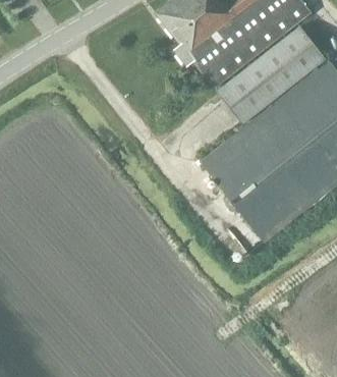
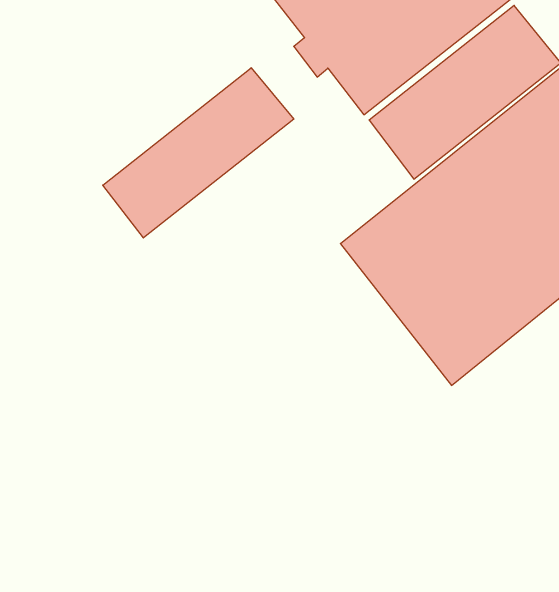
building: none -> [103,68,294,238]

